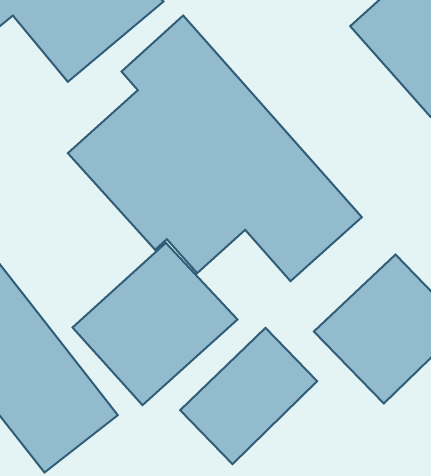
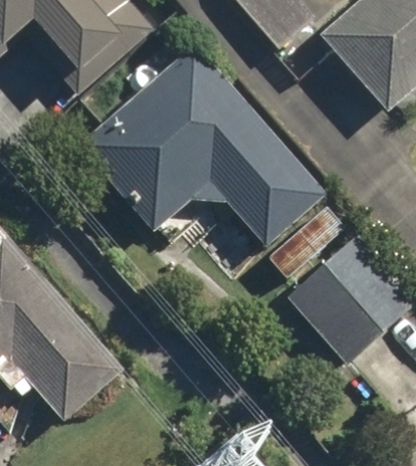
building: [72,243,238,405] -> none
building: [180,328,317,464] -> none

